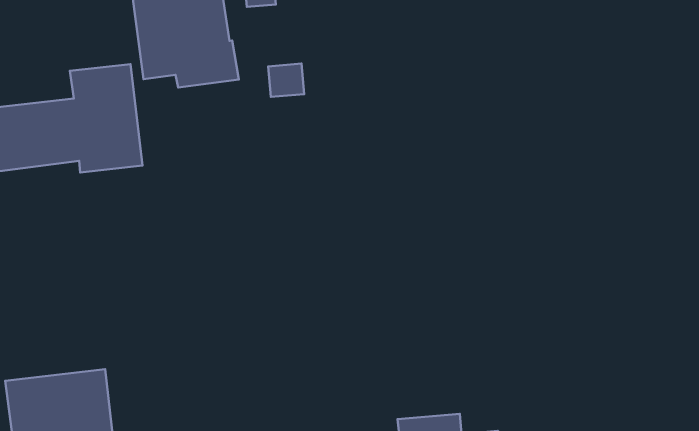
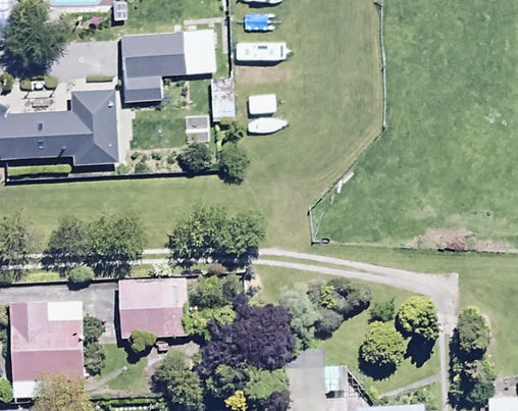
building: none -> [118,279,187,340]

